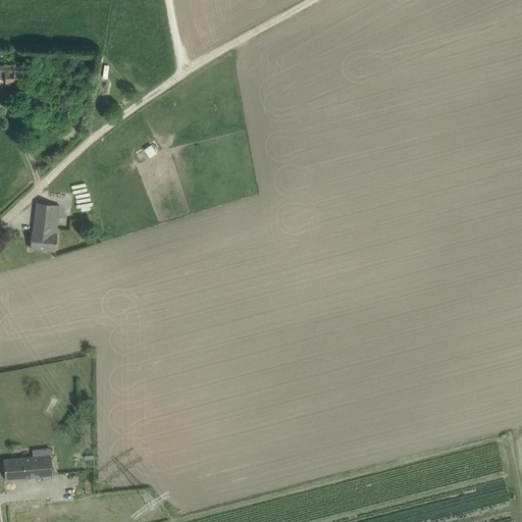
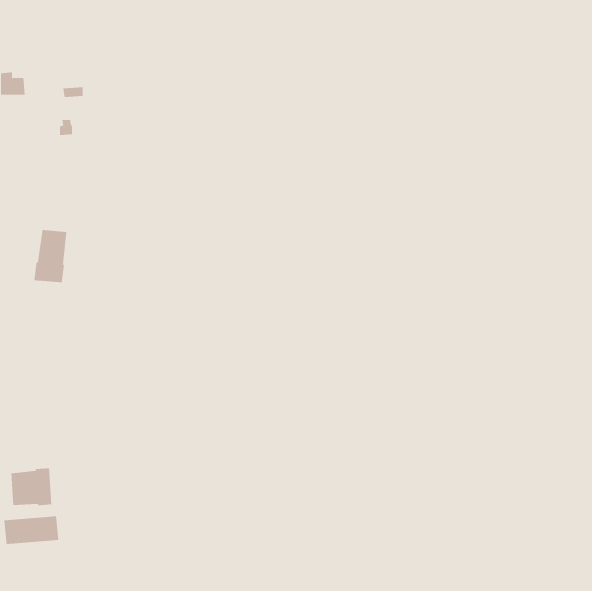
building: none -> [11,467,52,506]

